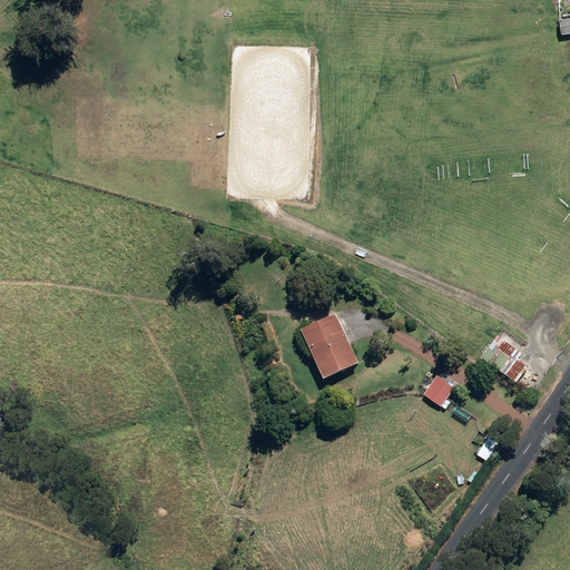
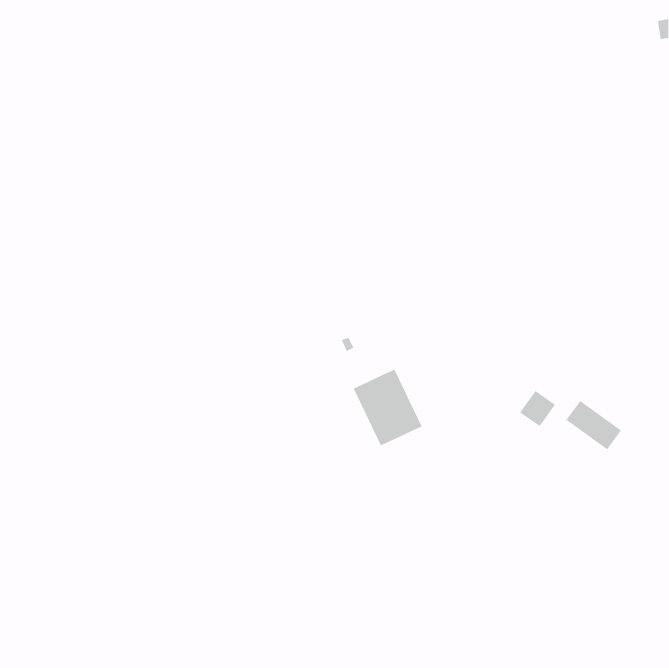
building: [422,374,453,405] -> [519,390,556,427]

